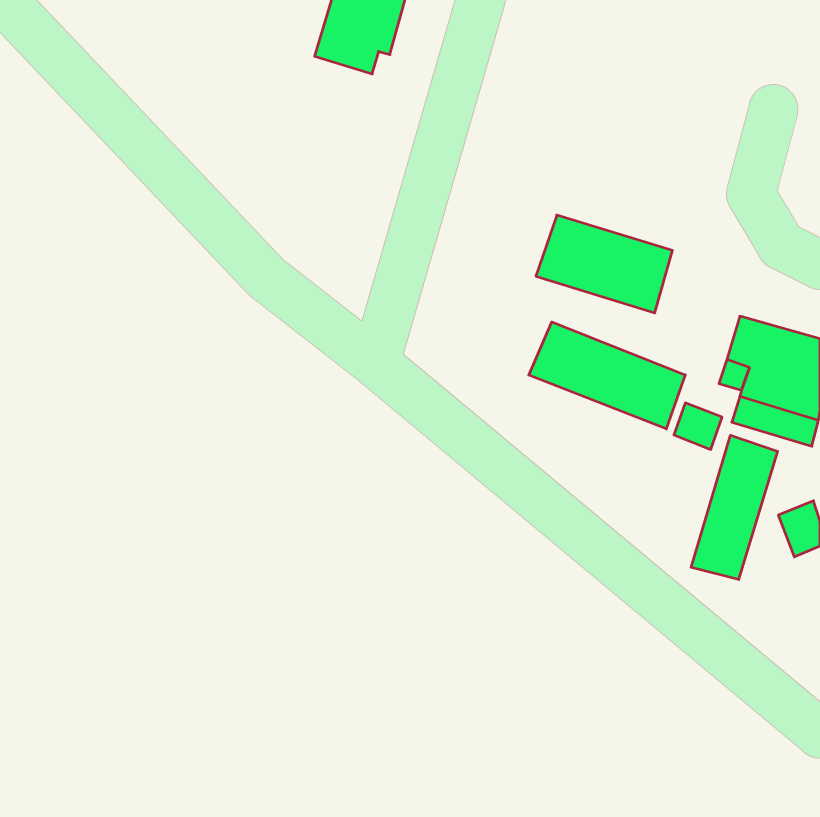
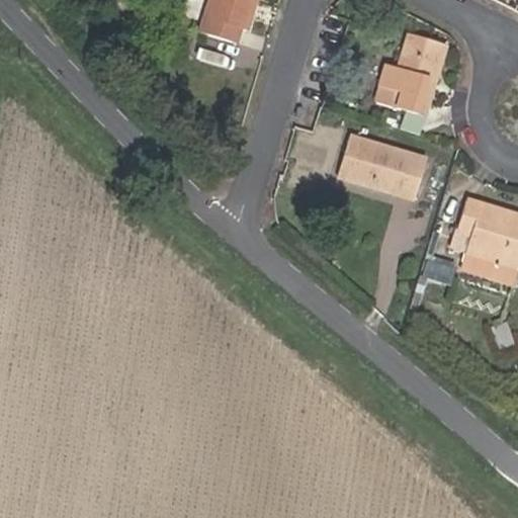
building: none -> [378,33,444,114]
building: [529,322,685,429] -> none
building: [691,435,778,580] -> none

